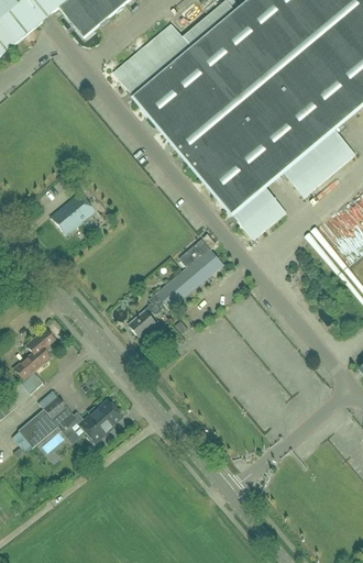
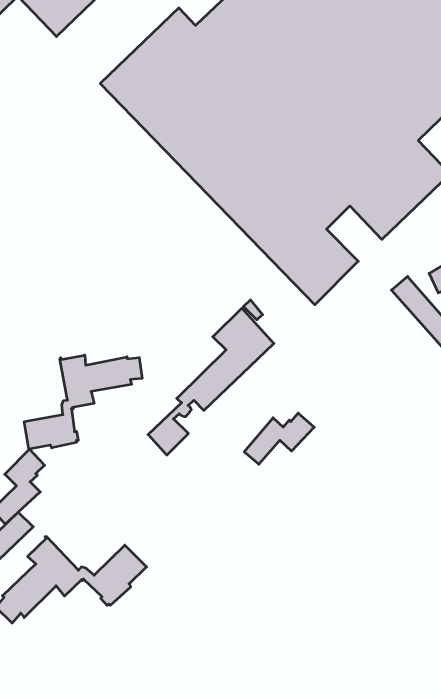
building: [50,190,94,233] -> none
building: none -> [24,355,142,449]
building: none -> [244,413,314,464]

